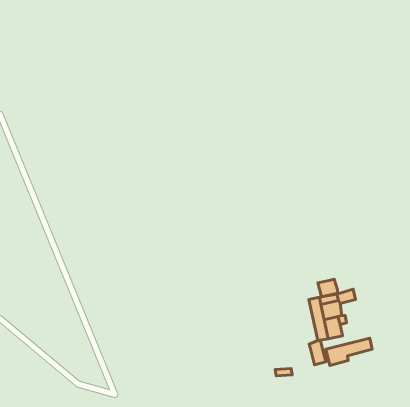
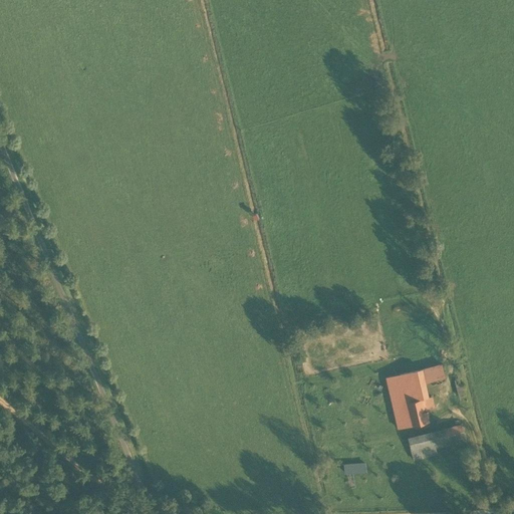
building: [318,279,338,297] -> none
building: [309,341,326,365] -> none

